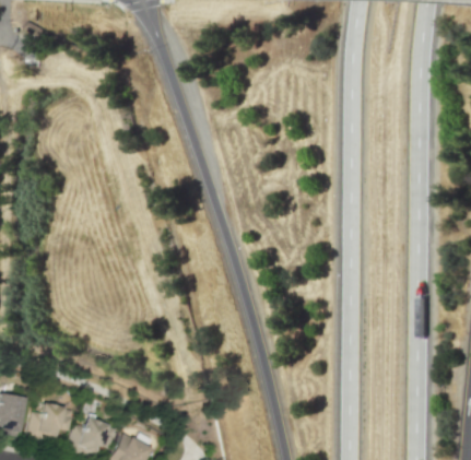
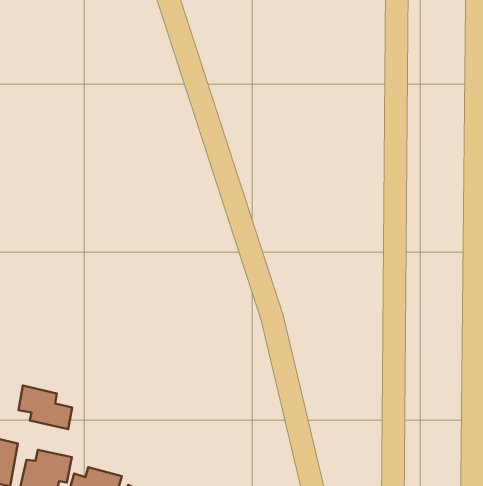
building: none -> [18,386,72,429]

